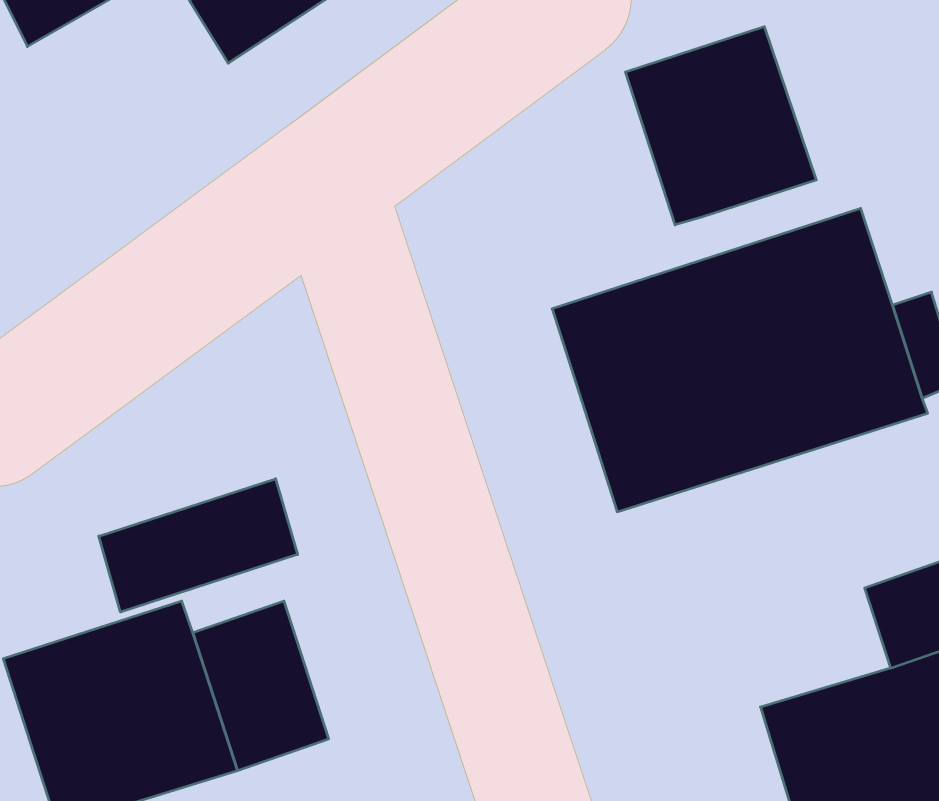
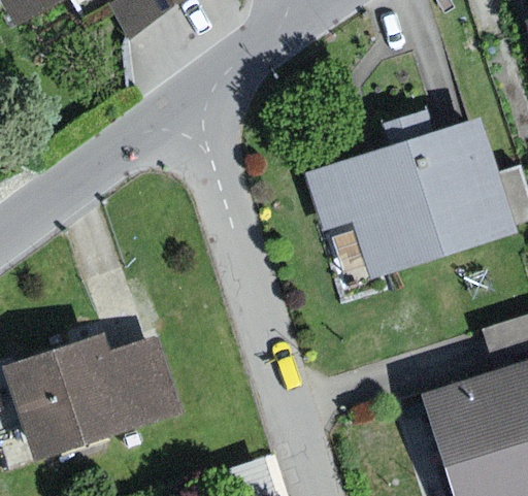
building: [625,27,816,225] -> none
building: [99,479,298,612] -> none

